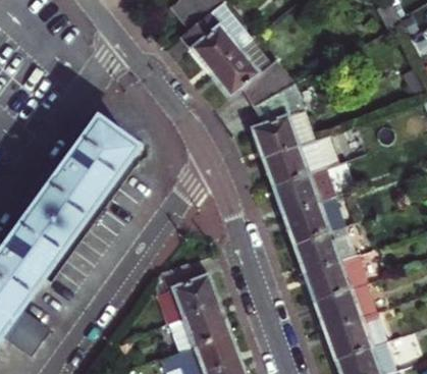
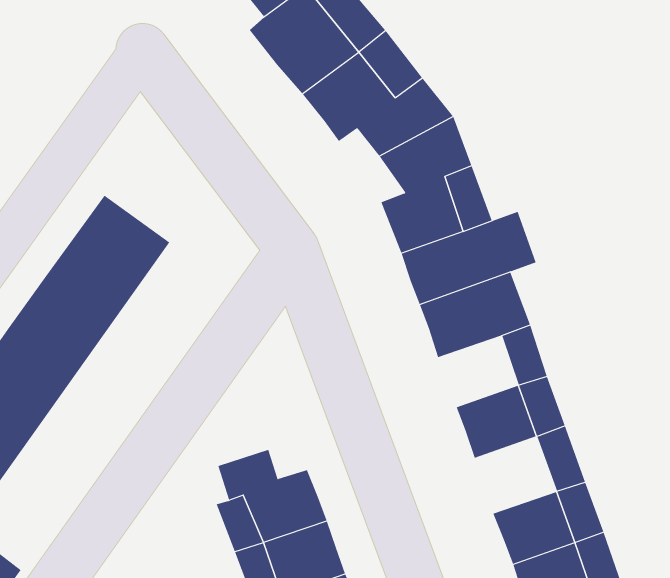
building: [283,204,328,244] -> none
building: [304,260,350,303] -> none

